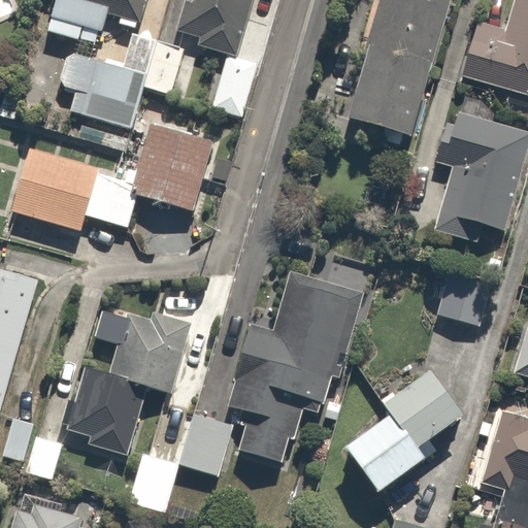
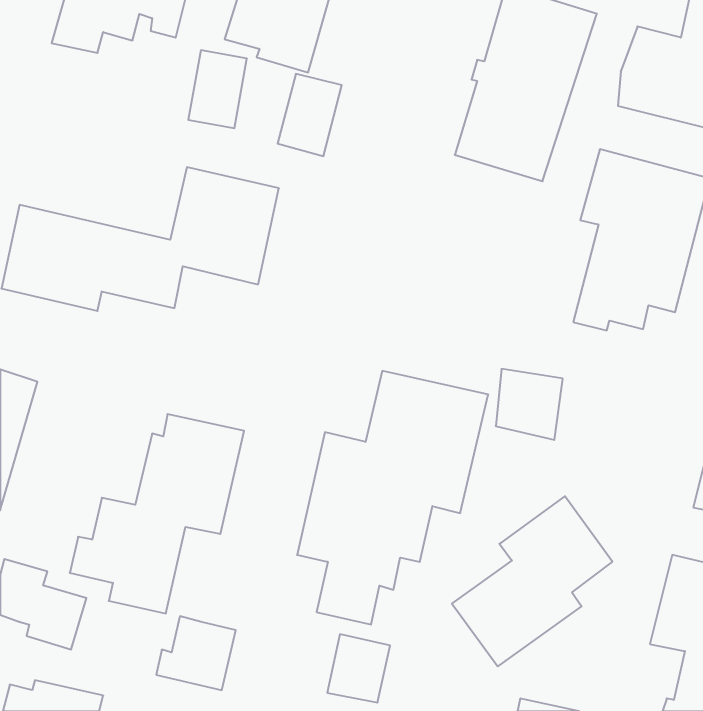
building: [56,51,143,127] -> none
building: [440,273,490,326] -> [496,369,563,440]
building: [182,419,228,469] -> [327,634,390,703]

